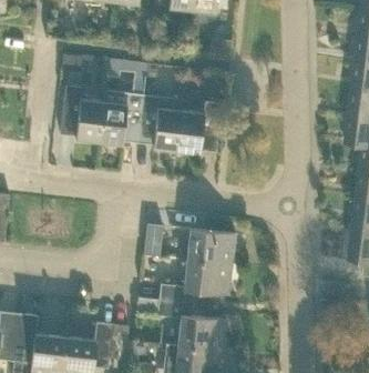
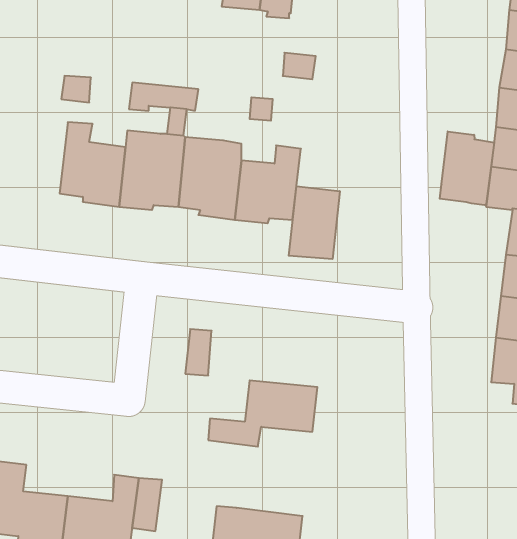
building: none -> [440,131,494,205]
building: none -> [289,186,340,259]
building: [187,228,235,262] -> none
building: [157,298,226,349] -> none

